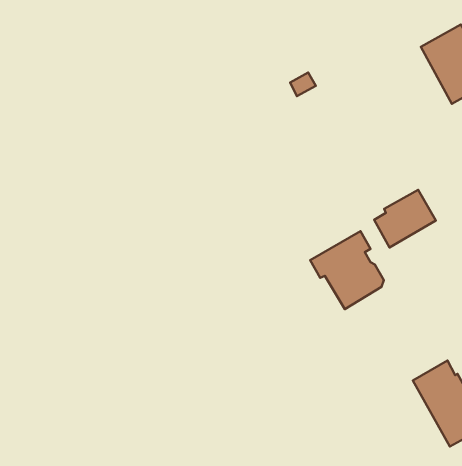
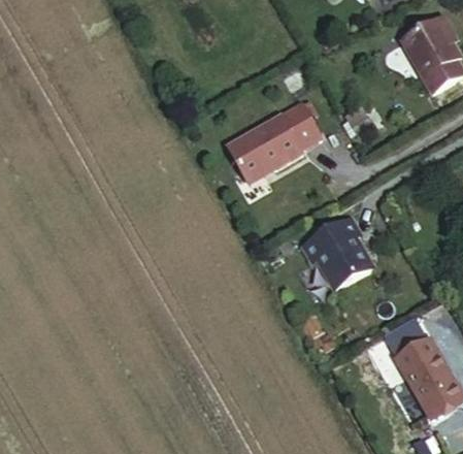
building: none -> [227,104,321,180]
building: [374,190,436,247] -> none

